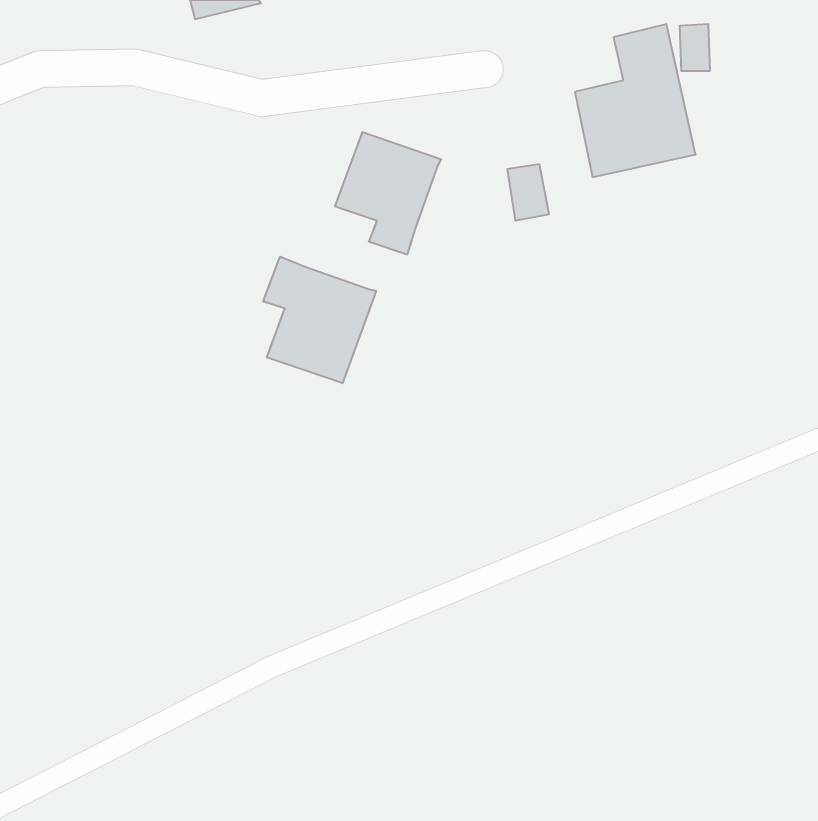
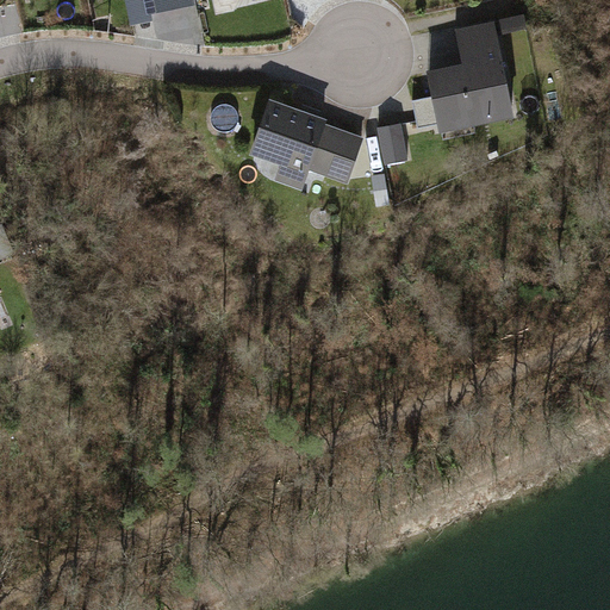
building: none -> [307,124,363,183]
building: [263,257,376,383] -> none

